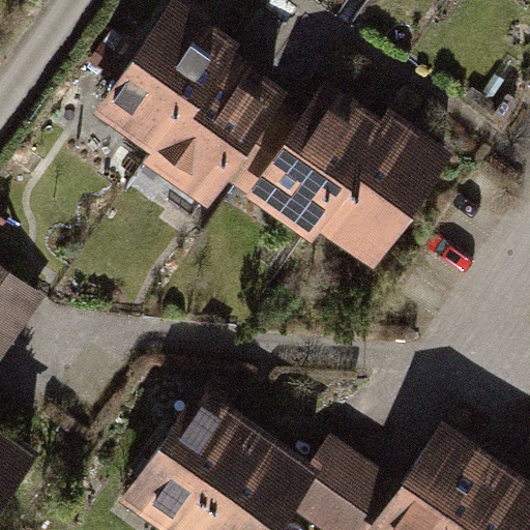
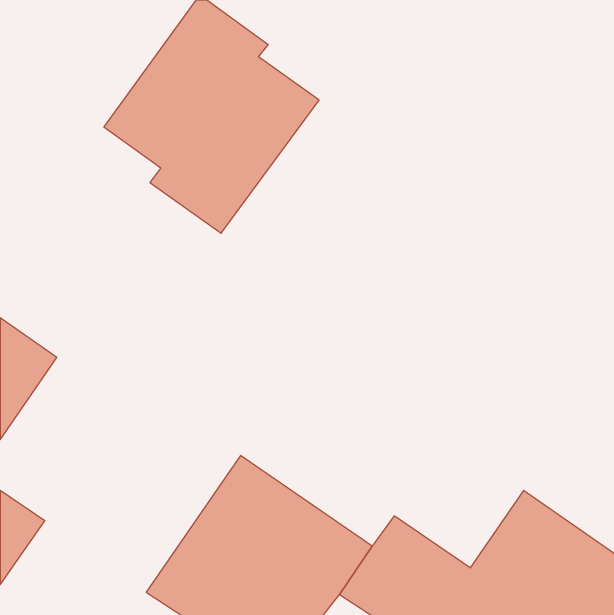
building: [241,83,449,267] -> none

